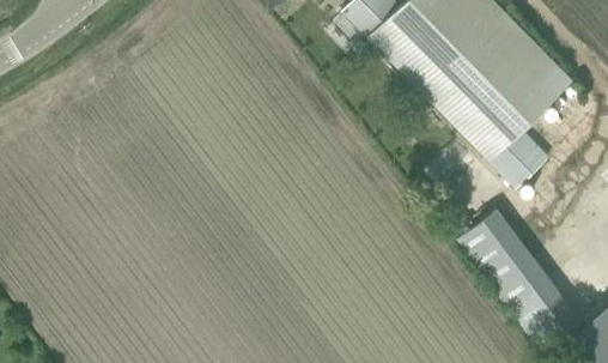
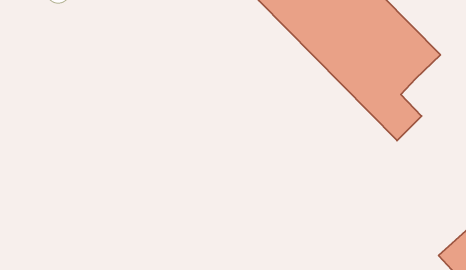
building: [460,206,577,346] -> none

